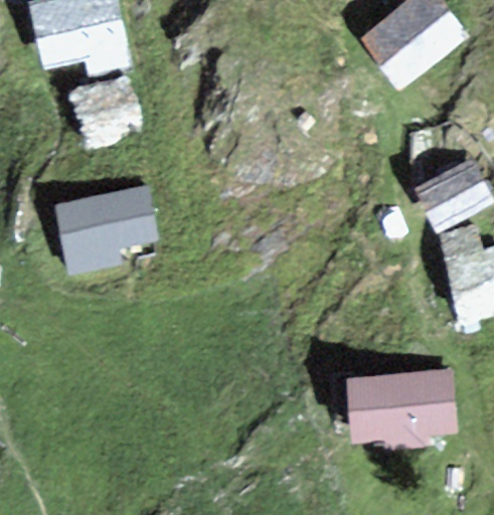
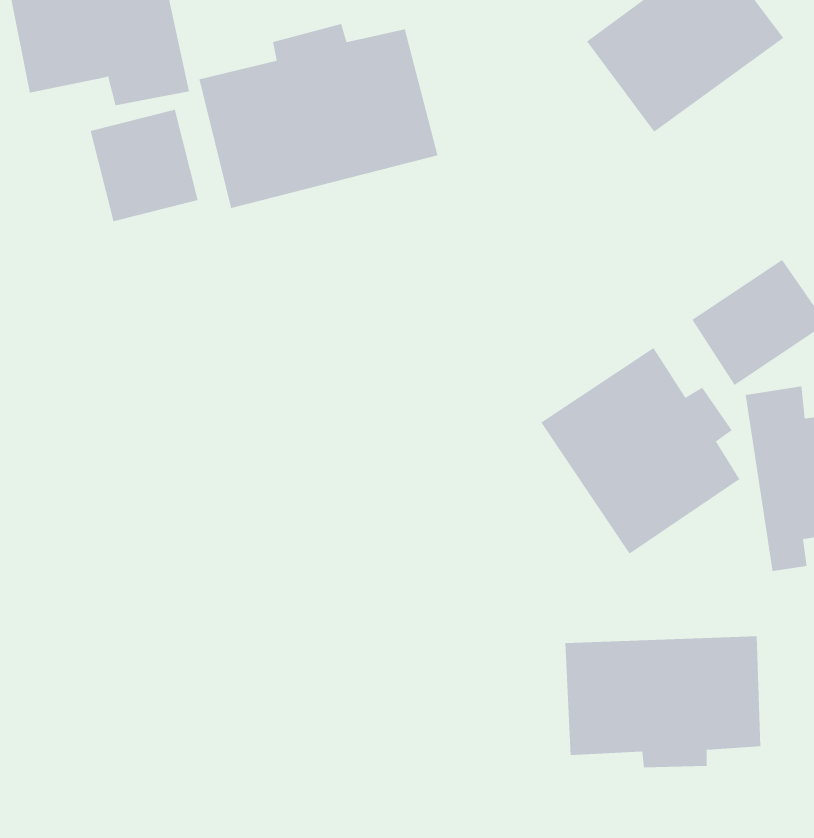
building: none -> [199,23,438,209]
building: [52,185,160,272] -> none
building: none -> [541,347,740,554]

